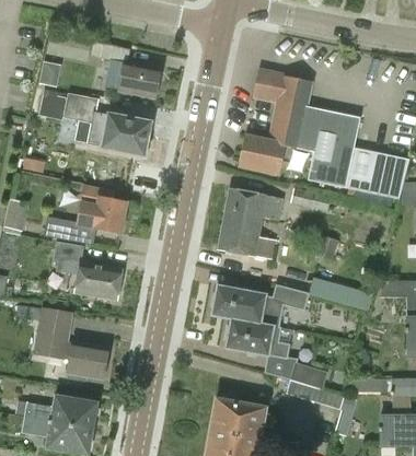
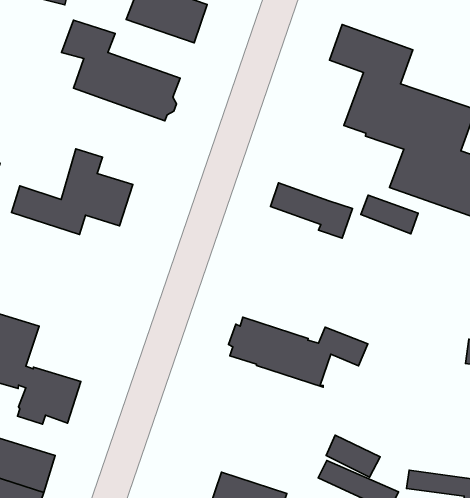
building: [38,87,67,119] -> none
building: [238,136,286,174] -> none
building: [217,206,275,259] -> none
building: [54,242,122,299] -> none
building: [308,277,373,311] -> none
building: [223,319,289,359] -> none

